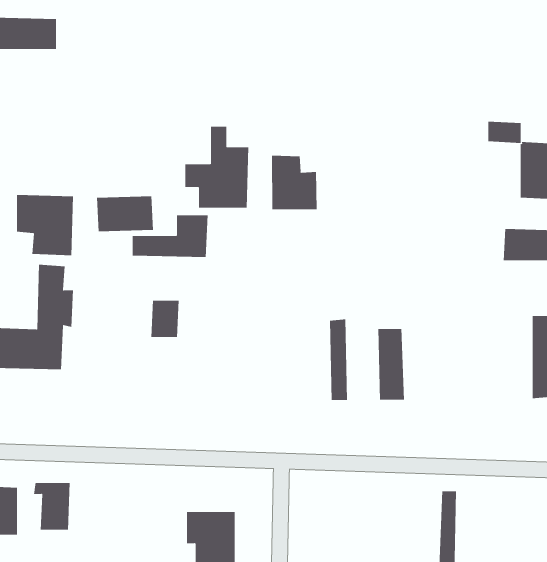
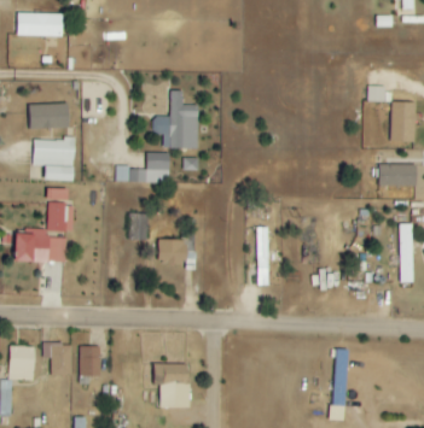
building: [272,155,317,210] -> none
building: [96,196,154,232] -> [29,104,70,129]
building: [378,328,405,401] -> none
building: none -> [158,239,187,265]
building: none -> [80,346,101,376]

